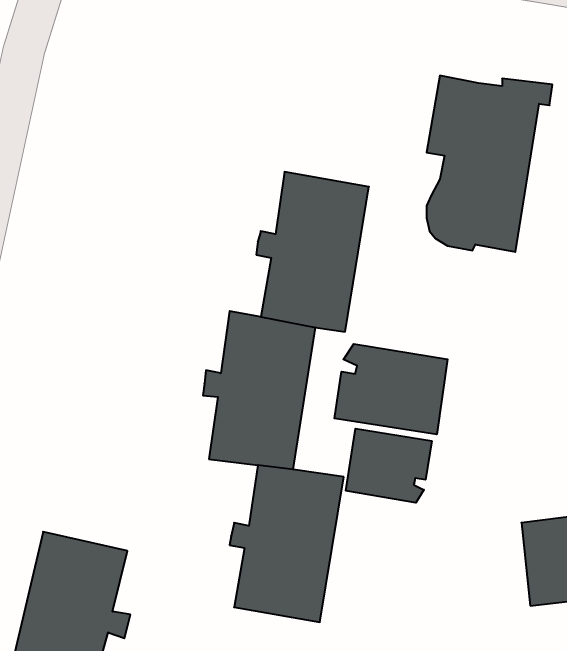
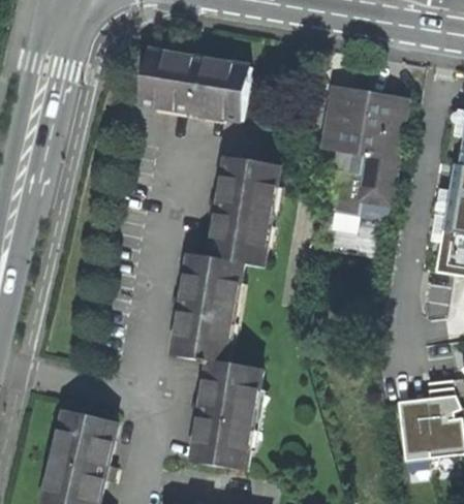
building: none -> [138,49,250,123]
building: [334,344,448,434] -> none
building: [346,429,432,503] -> none

